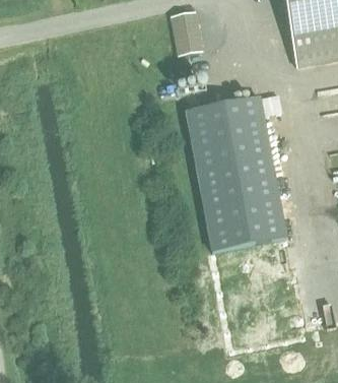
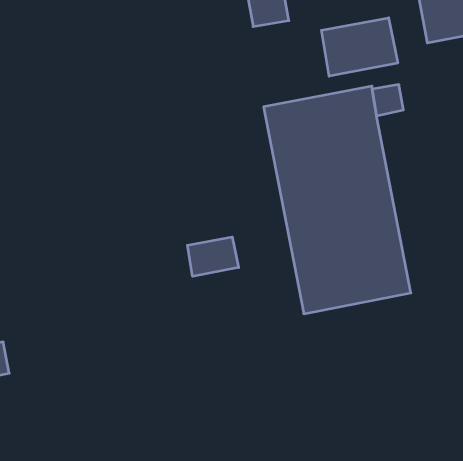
building: none -> [321,18,398,76]
building: none -> [187,237,239,276]

